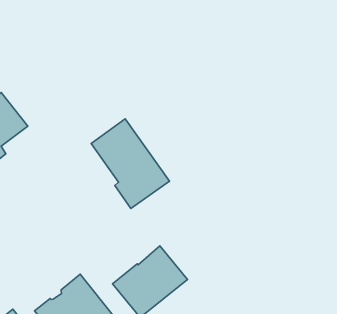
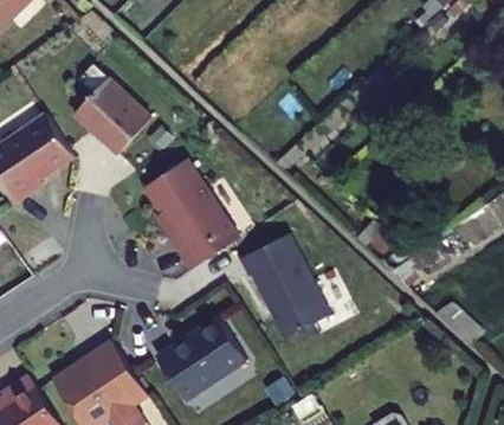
building: none -> [66,75,144,152]
building: none -> [237,238,330,342]

